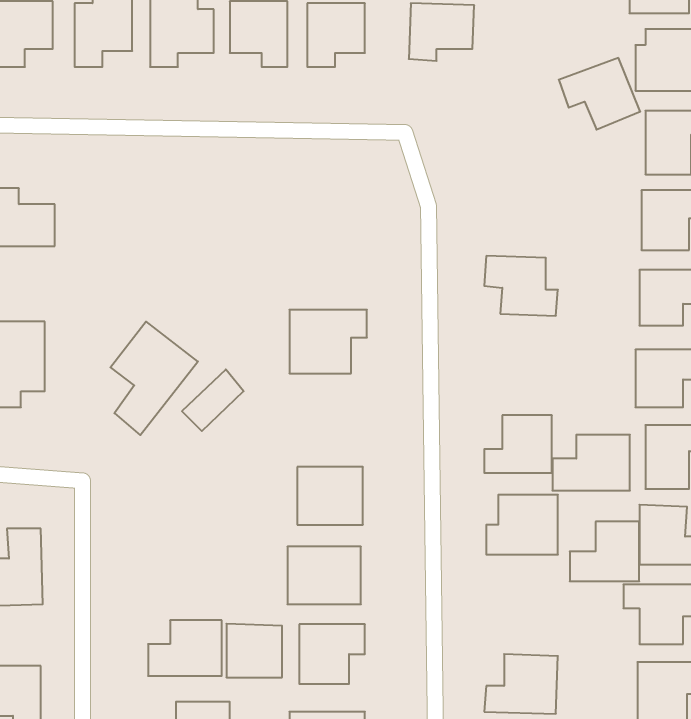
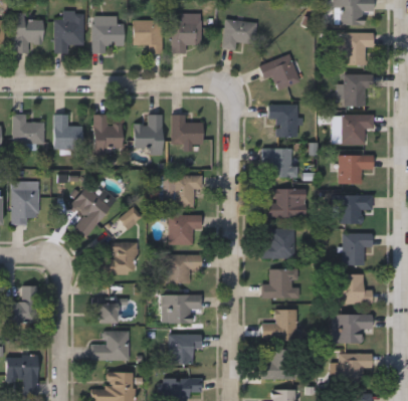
building: [559,58,640,130] -> [259,54,300,90]
building: none -> [268,105,298,137]
building: none -> [54,114,82,148]
building: none -> [93,114,122,152]
building: none -> [134,115,163,154]
building: none -> [172,115,202,144]
building: none -> [169,214,202,245]
building: [552,435,630,491] -> [262,189,301,217]
building: none -> [96,242,138,273]
building: [570,522,639,581] -> [261,309,296,339]
building: [226,624,282,677] -> [88,296,117,324]

